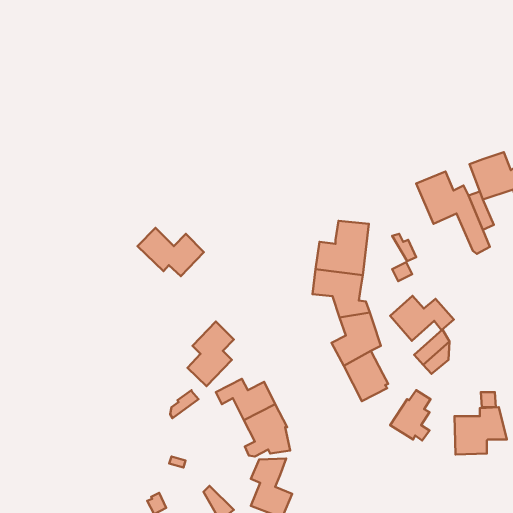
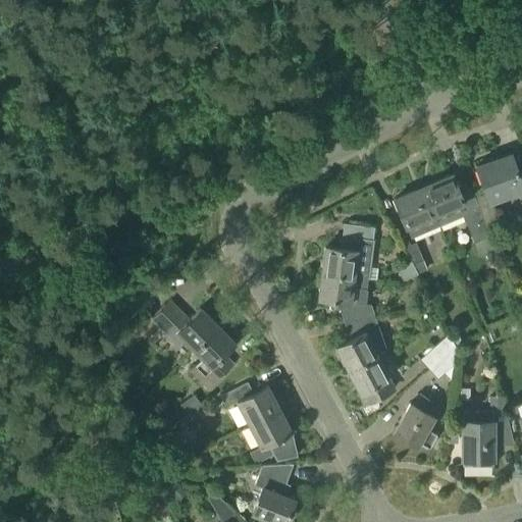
building: none -> [394,188,440,241]
building: [137,228,204,276] -> [153,303,220,352]
building: [390,296,454,341] -> none

